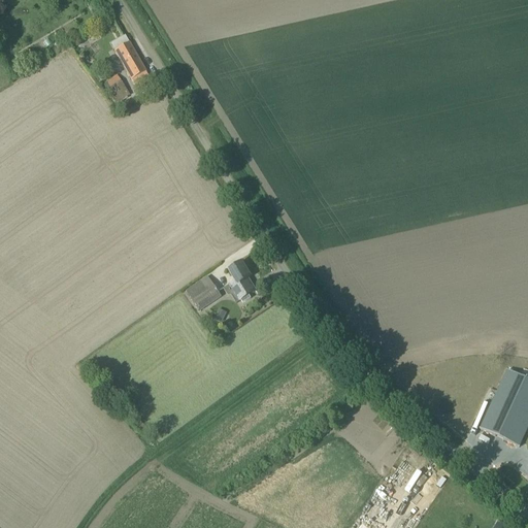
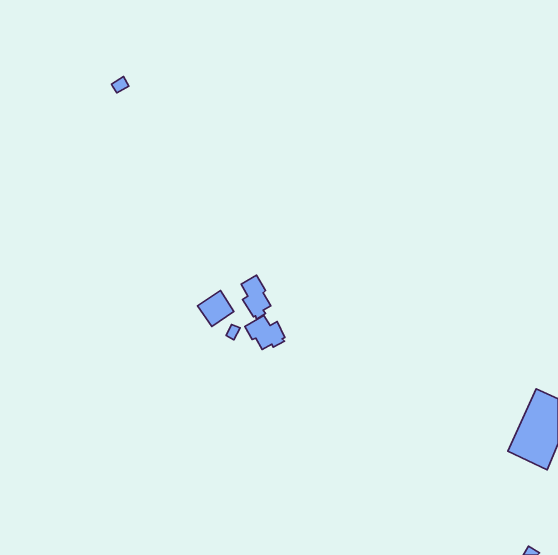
building: [114,40,151,87] -> none
building: none -> [245,316,285,350]

